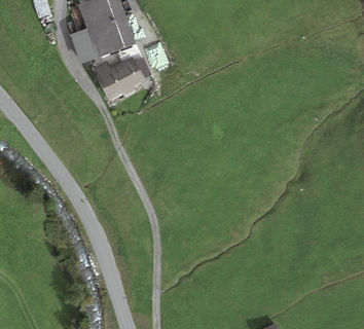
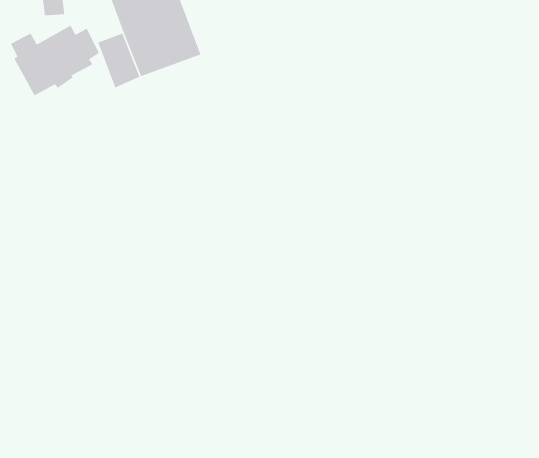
building: [94,54,151,101] -> [10,24,100,97]

